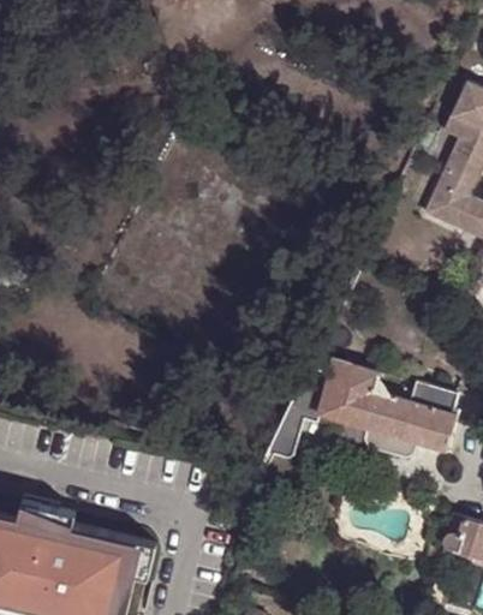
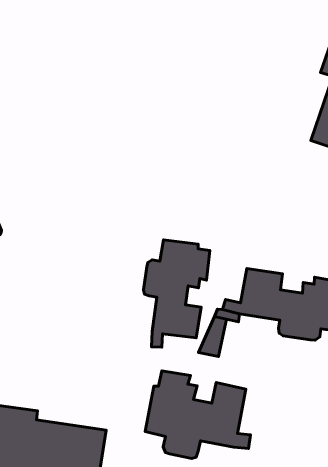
building: none -> [143,240,210,347]
building: none -> [145,371,250,459]

